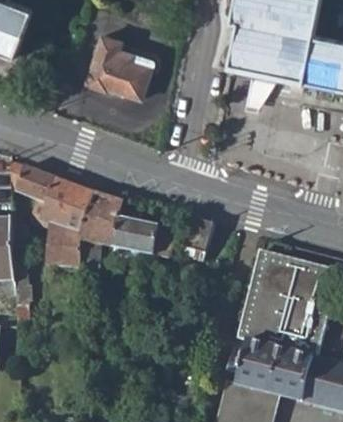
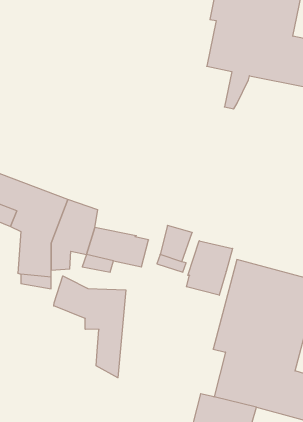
building: [82,33,150,97] -> none
building: none -> [186,241,233,295]
building: none -> [54,276,126,378]

